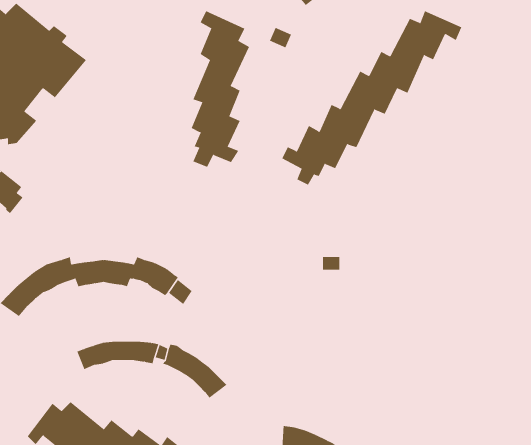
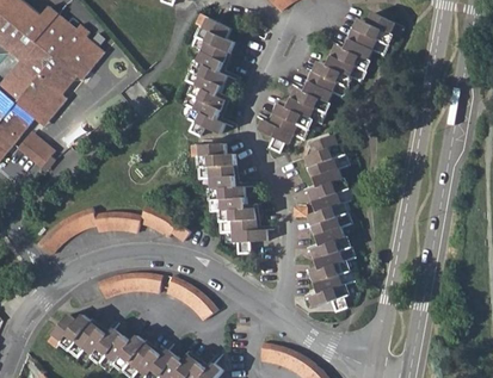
building: none -> [309,130,352,310]
building: none -> [192,143,267,254]

